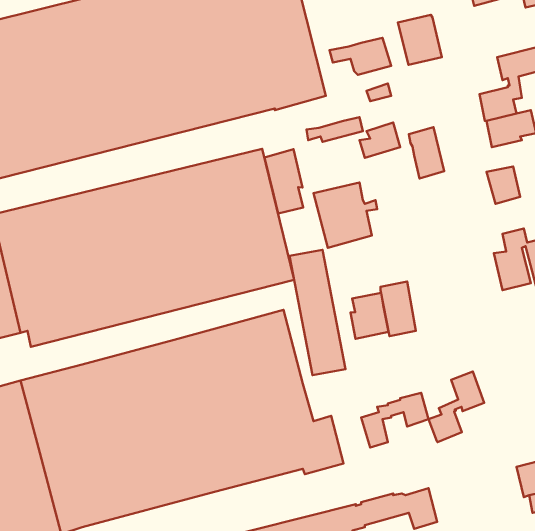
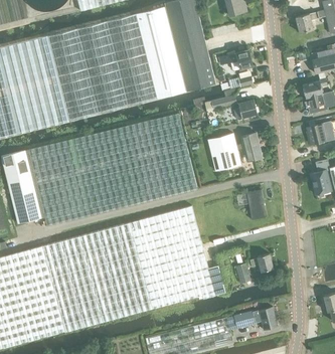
building: [398,15,442,65] -> none
building: [409,127,444,178] -> [241,132,262,161]
building: [265,149,303,214] -> none
building: [290,250,346,375] -> none
building: [350,293,388,339] -> none
building: [428,372,484,442] -> none

